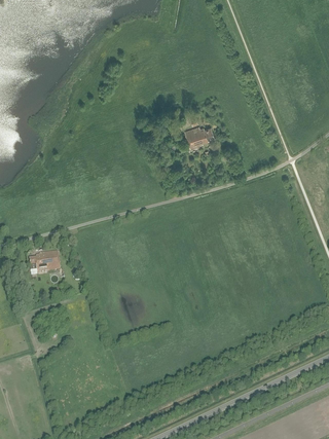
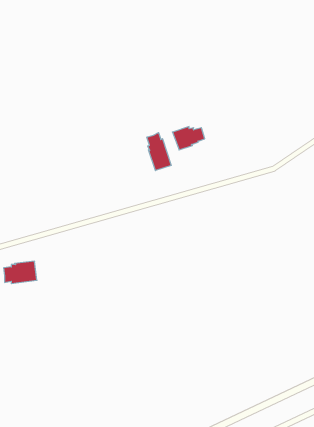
building: none -> [147,133,171,171]

